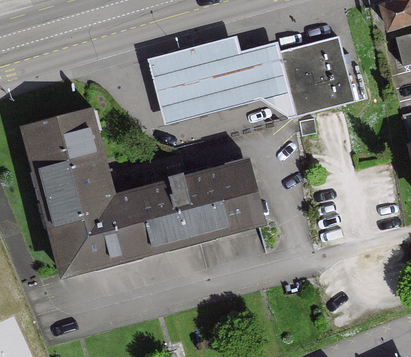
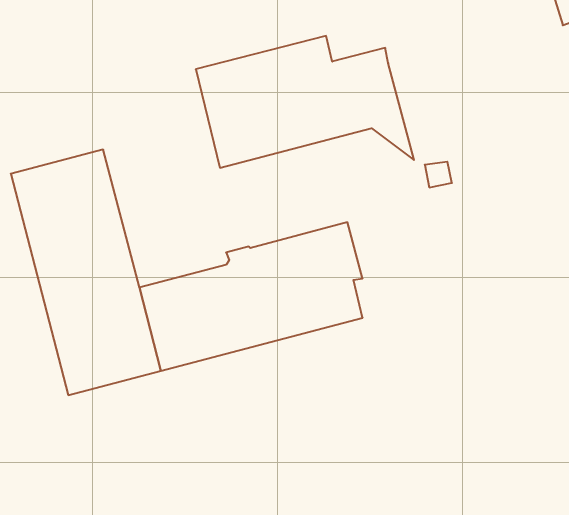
building: [273,36,353,117] -> none

